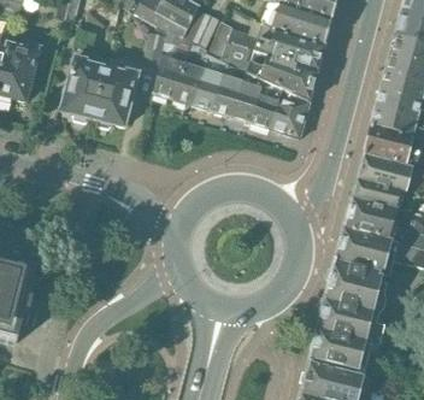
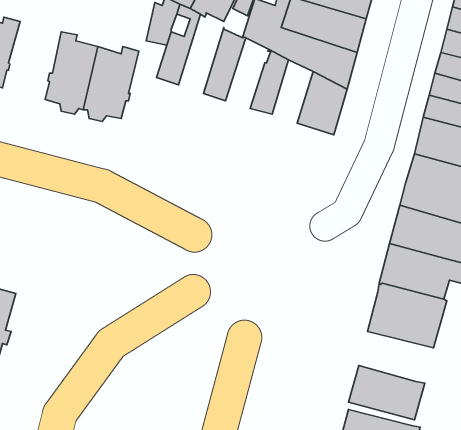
building: [169,39,207,104] -> none
building: [207,58,243,116] -> none
building: [246,76,279,128] -> none
building: [317,299,385,343] -> none

